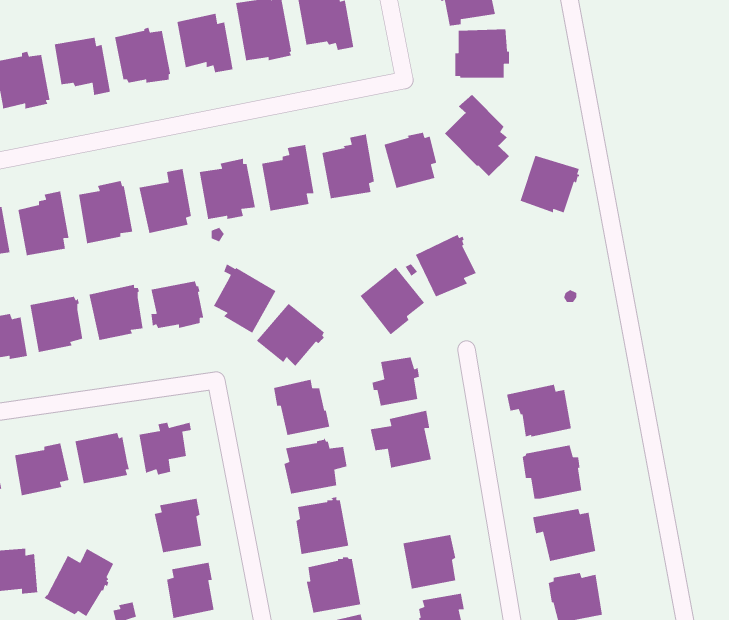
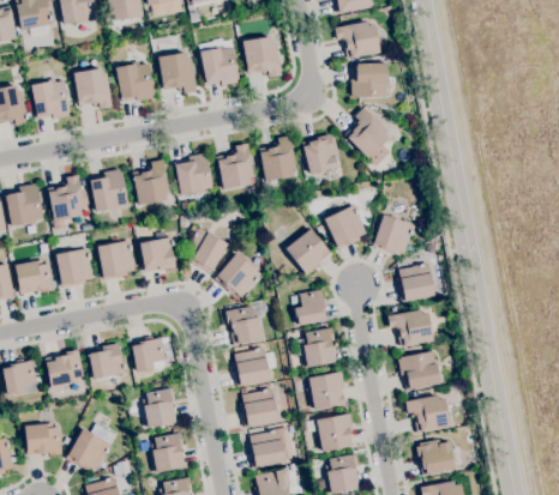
building: [519,155,580,213] -> [373,215,415,255]
building: none -> [397,262,435,302]
building: none -> [308,367,345,410]

